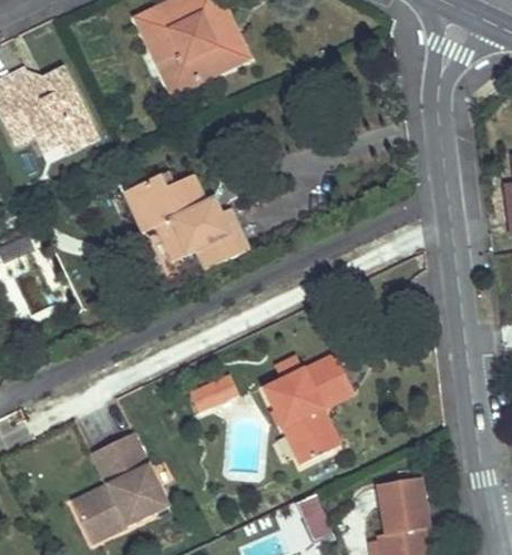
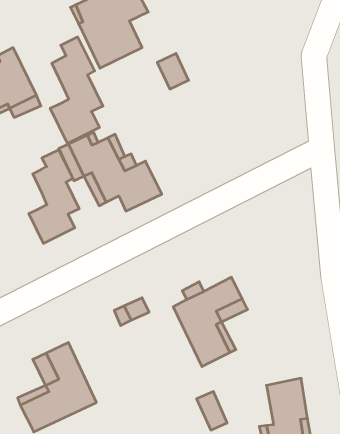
building: [208,22,247,66] -> [157,53,189,89]
building: none -> [50,37,103,144]
building: none -> [29,150,79,243]

